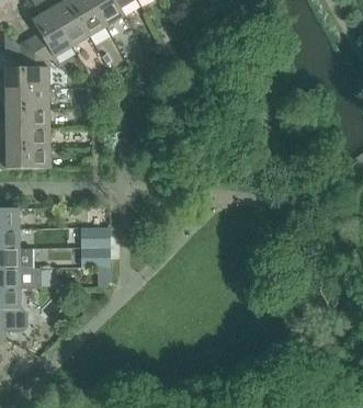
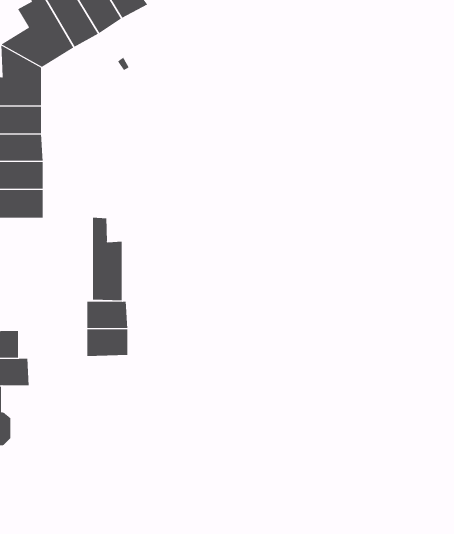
building: none -> [93,217,122,301]

